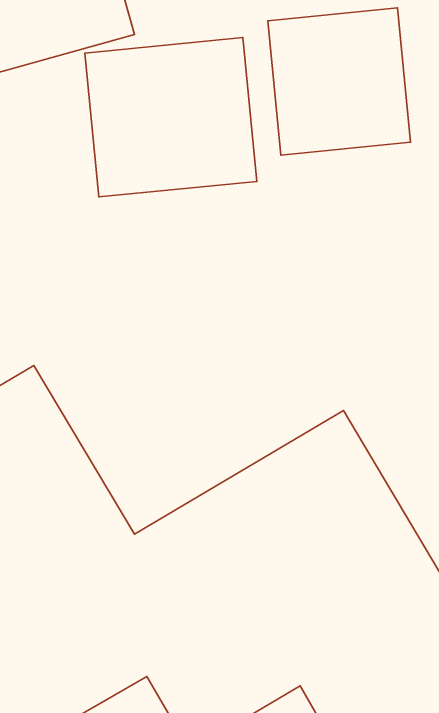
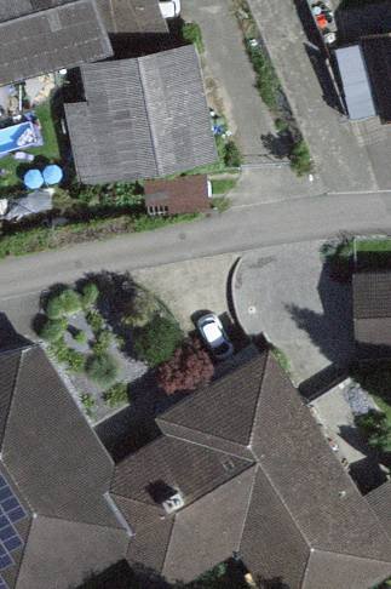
building: [268,8,411,155] -> none

